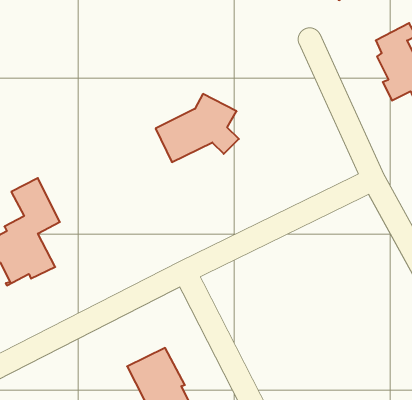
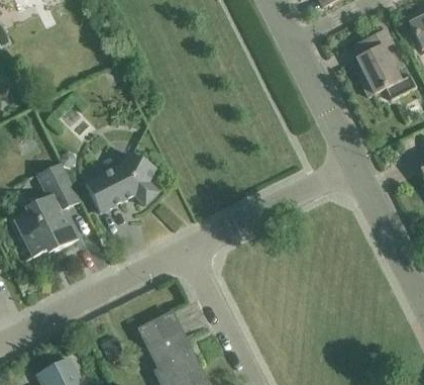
building: [156,94,239,162] -> [85,153,157,212]

